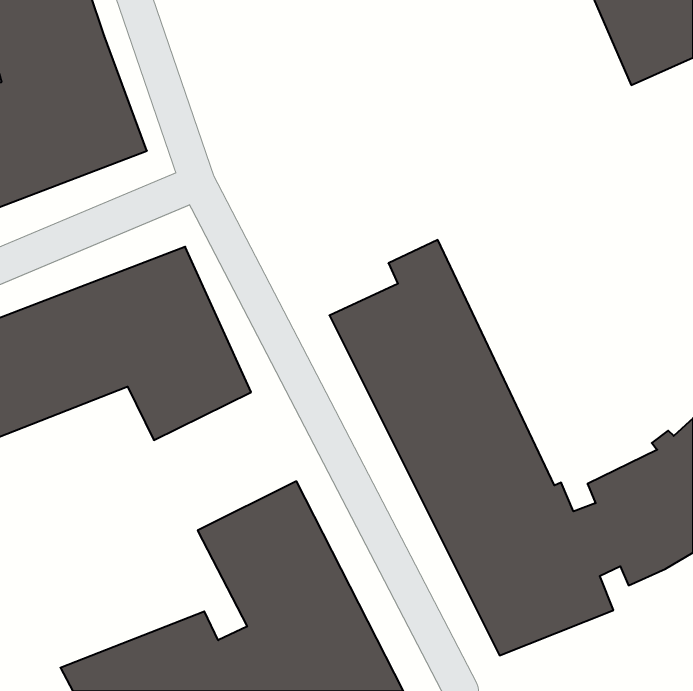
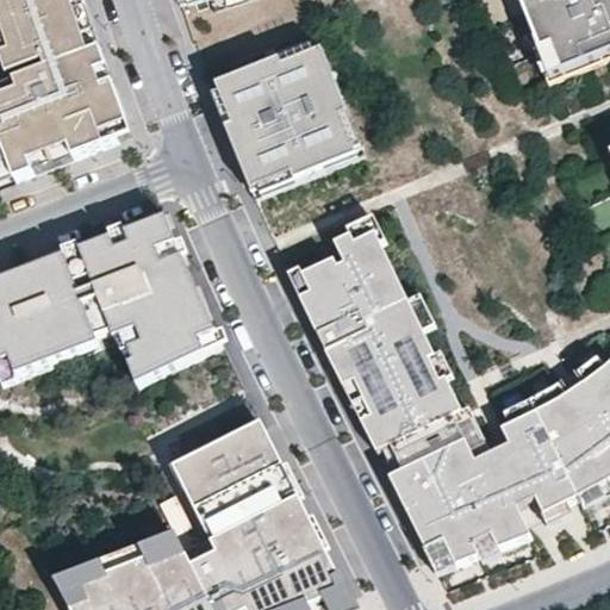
building: none -> [205,39,361,195]

